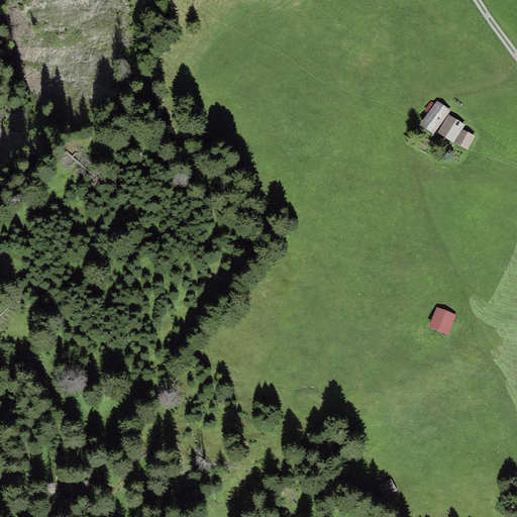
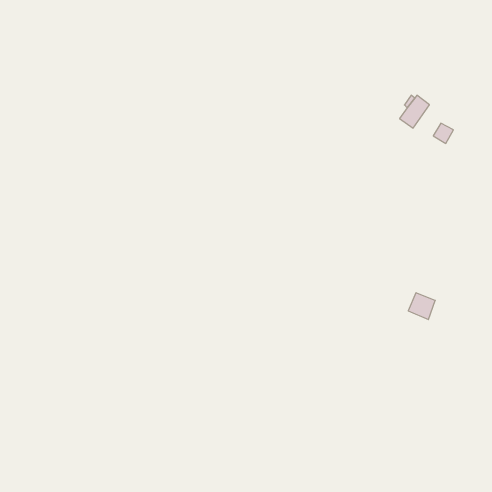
building: [436,114,464,142] -> none

